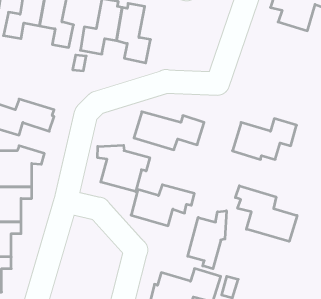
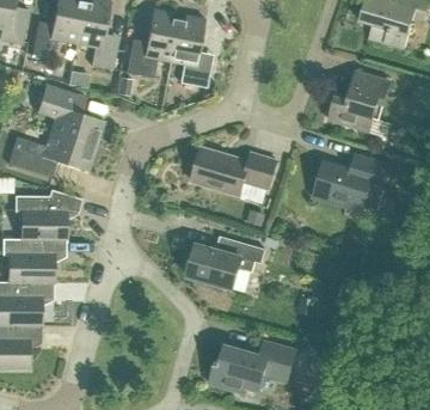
building: none -> [328,71,389,130]
building: none -> [36,84,104,145]
building: [98,145,150,192] -> none
building: [235,186,297,241] -> none
building: [188,211,226,269] -> none

